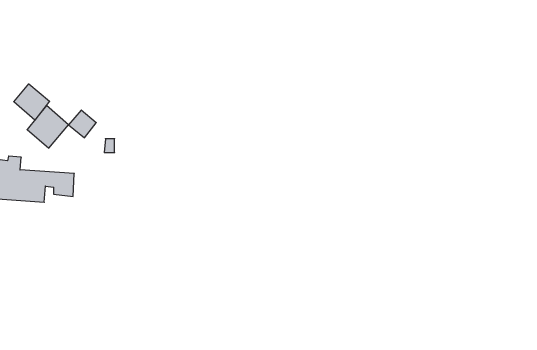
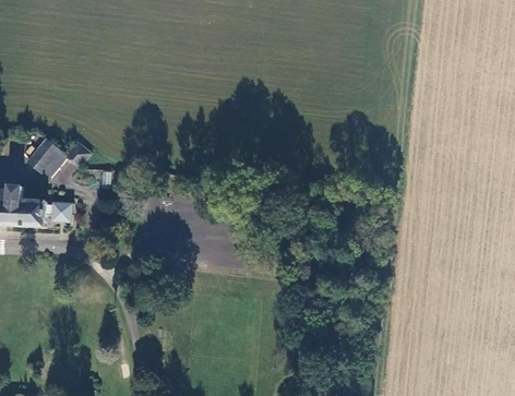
building: [14,84,50,120] -> none

